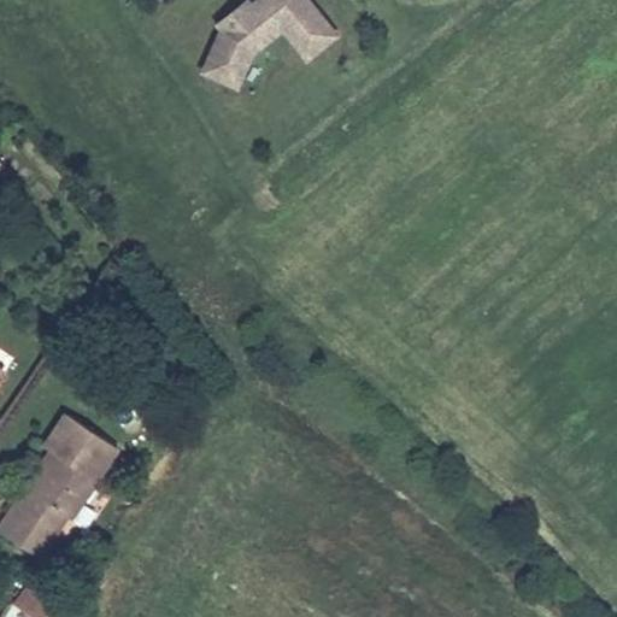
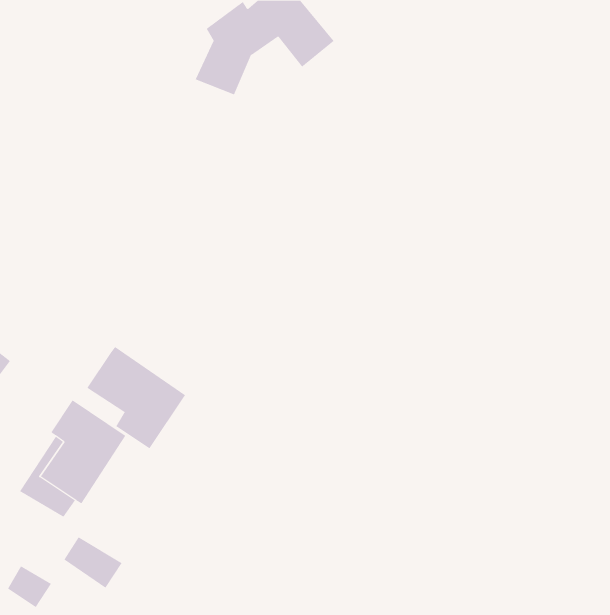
building: none -> [87,346,186,449]
building: [5,492,64,543] -> [64,537,123,588]

